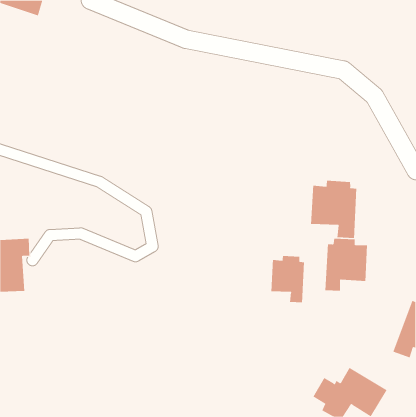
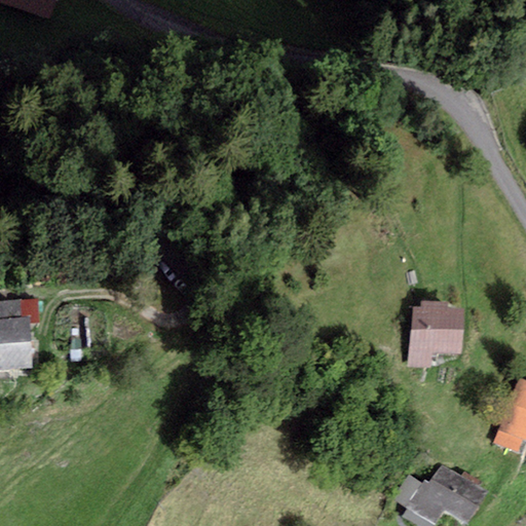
building: [311,180,357,239] -> none
building: [271,255,304,303] -> none

